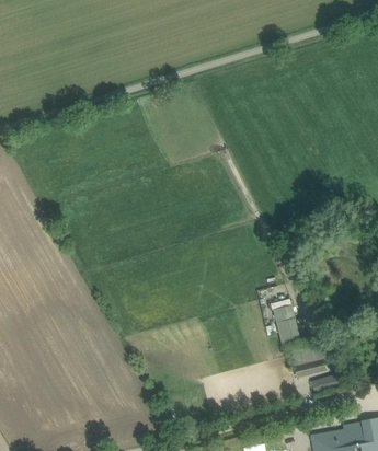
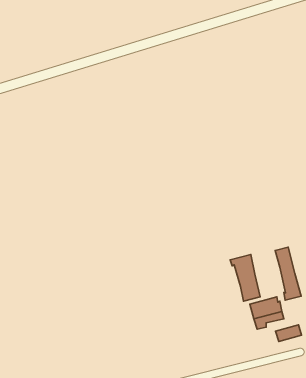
building: none -> [275,247,301,300]

